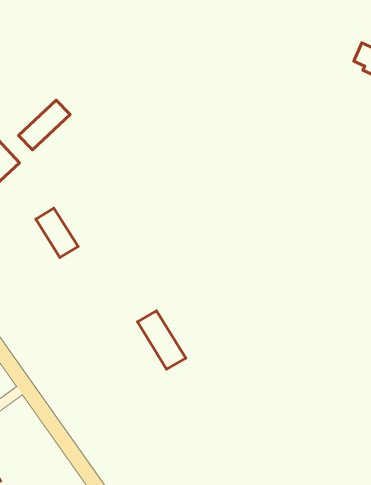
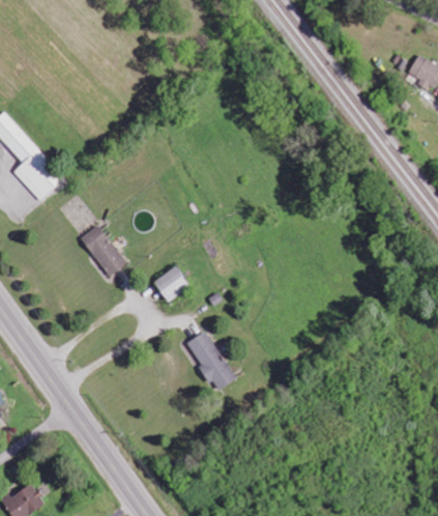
building: [19,100,70,150] -> none
building: none -> [154,265,191,302]

